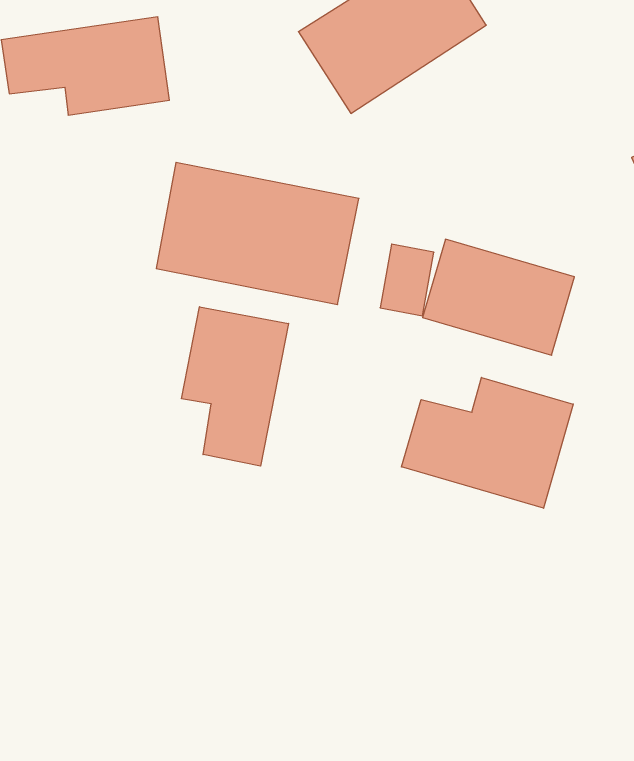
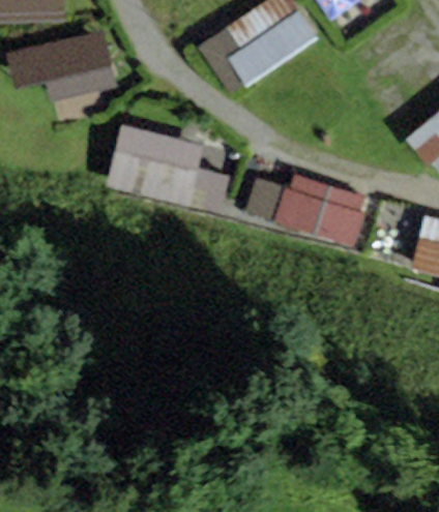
building: [182,307,289,466] -> none
building: [401,377,573,508] -> none

